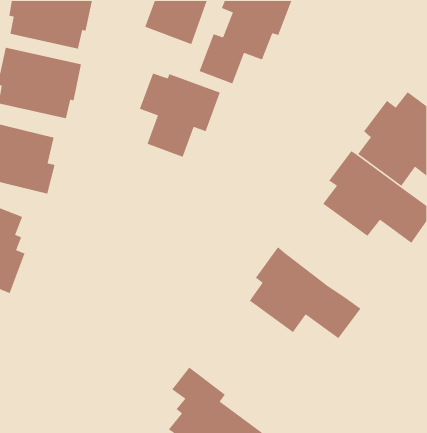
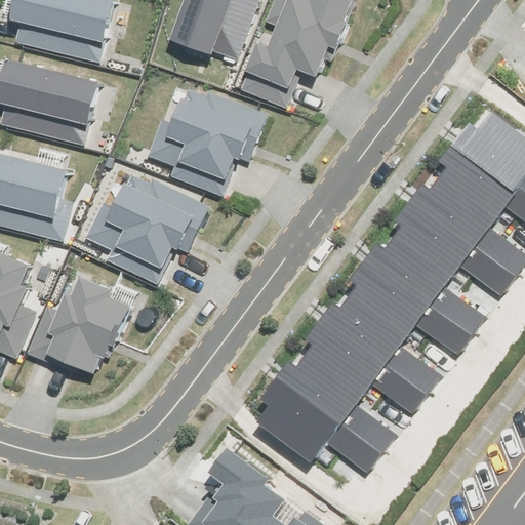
building: none -> [107,175,207,281]
building: none -> [342,241,478,353]
building: none -> [47,275,131,370]
building: none -> [256,358,394,474]

